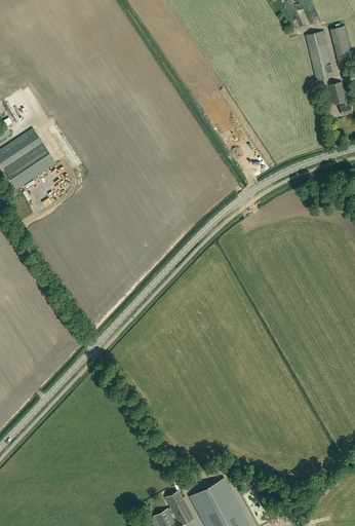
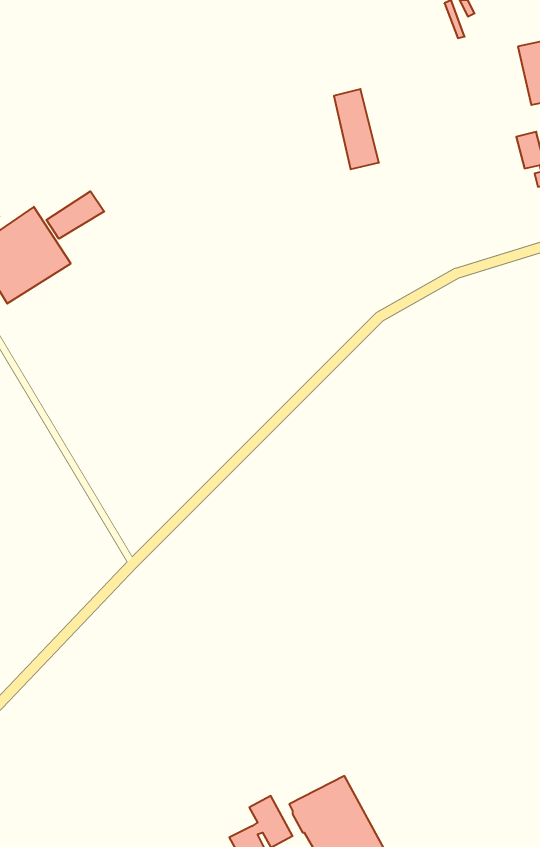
building: [307,31,334,80] -> [334,89,379,169]
building: none -> [46,191,104,239]

